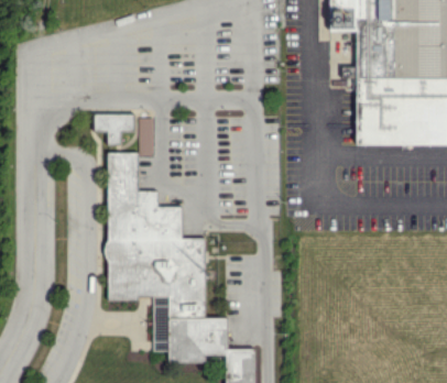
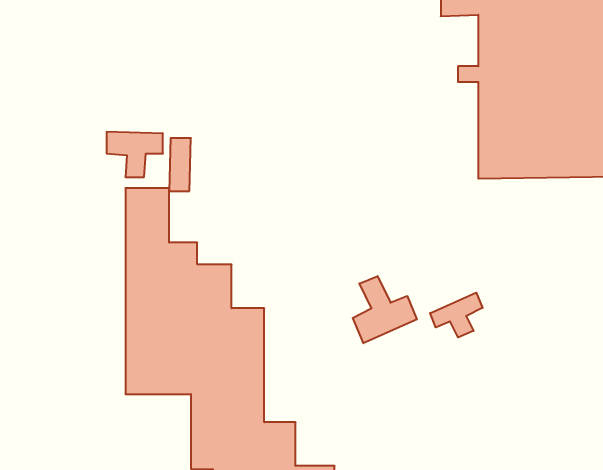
building: none -> [353,276,417,343]
building: none -> [430,293,483,337]

